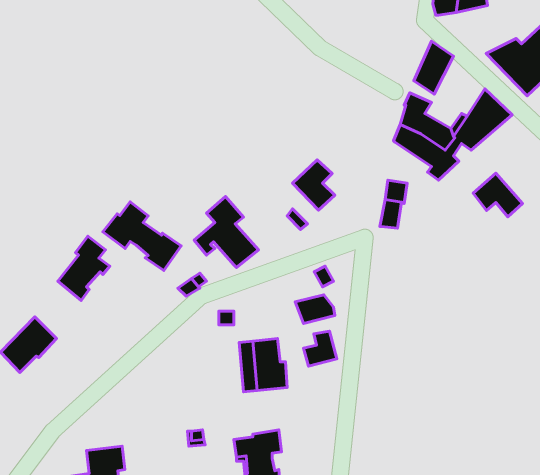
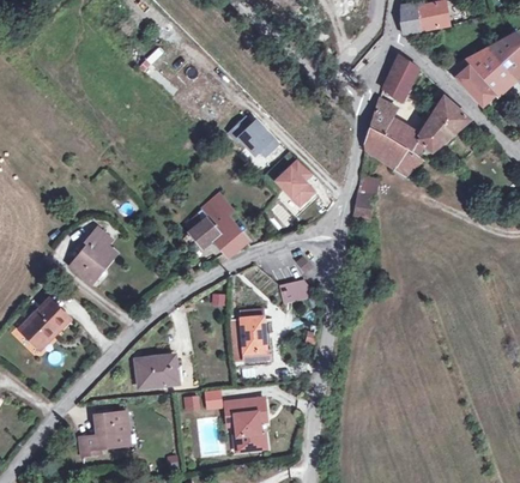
building: none -> [230,117,277,155]
building: [473,173,522,217] -> none
building: [103,202,181,271] -> none
building: [303,331,337,366] -> none
building: none -> [138,356,183,386]

